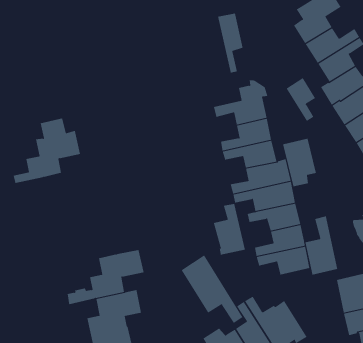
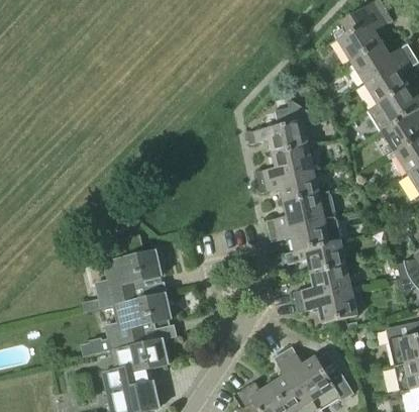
building: [218,12,243,73] -> none
building: [286,77,316,122] -> none
building: [13,118,81,184] -> [83,237,160,312]
building: [283,138,316,187] -> none
building: [213,203,245,256] -> none
building: [305,215,338,276] -> none
building: [181,255,243,324] -> none

